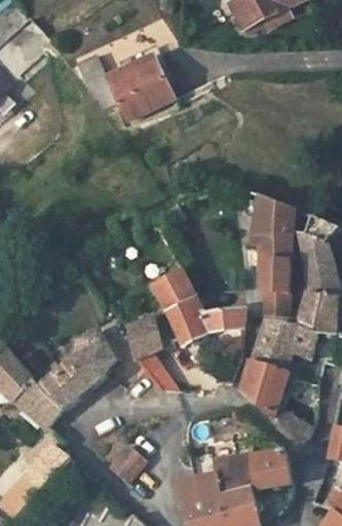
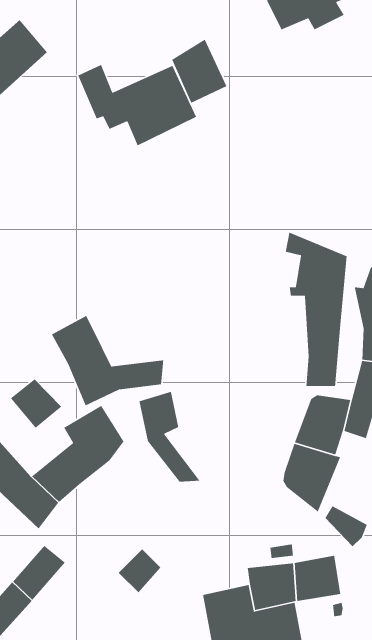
building: none -> [171,38,228,104]
building: [152,270,243,344] -> [51,315,164,407]
building: none -> [10,378,62,429]

